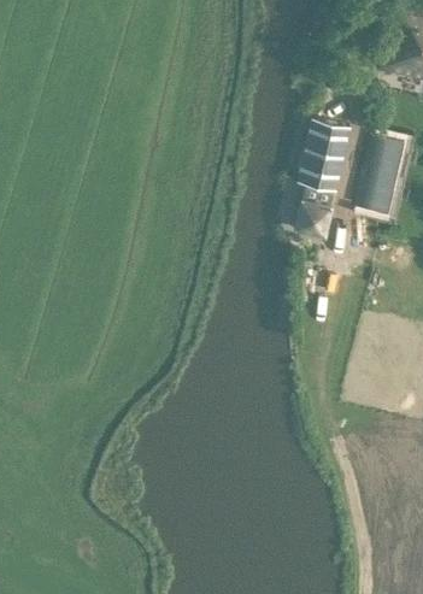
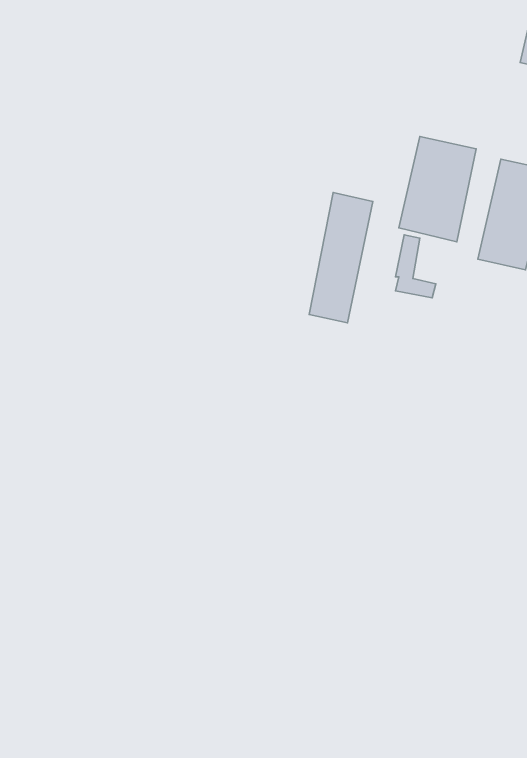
building: none -> [309,193,373,323]

